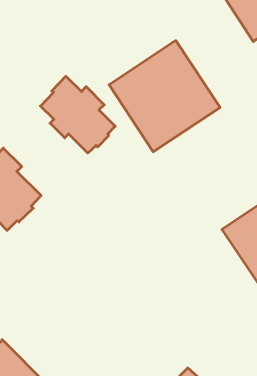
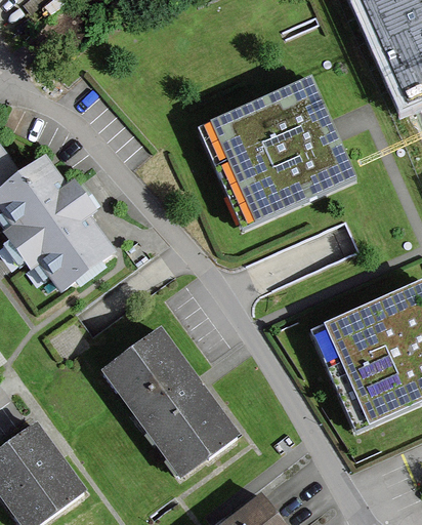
building: [40,76,115,153] -> none
building: none -> [103,330,235,474]

